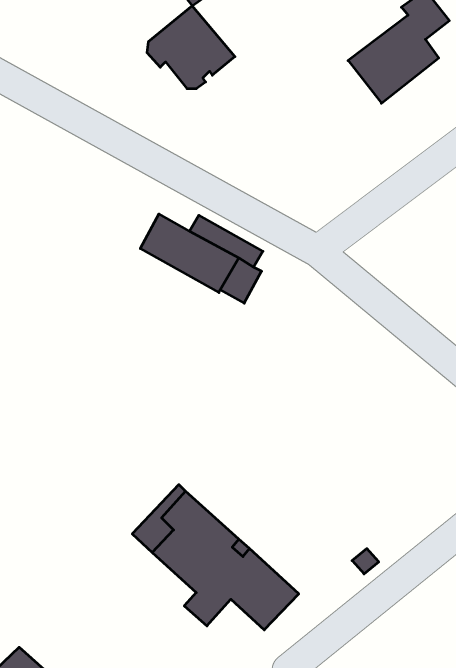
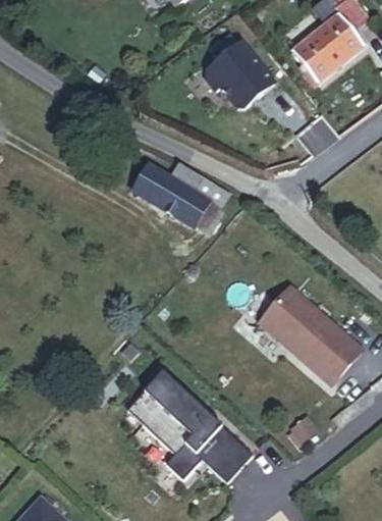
building: [147,6,235,89] -> [207,42,274,105]
building: none -> [259,283,361,381]

